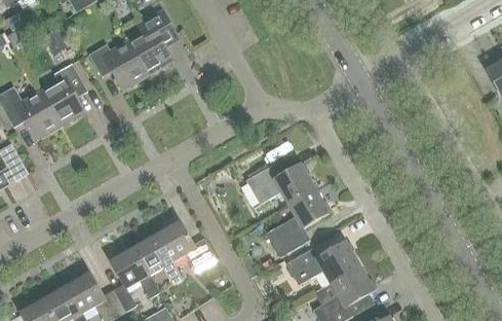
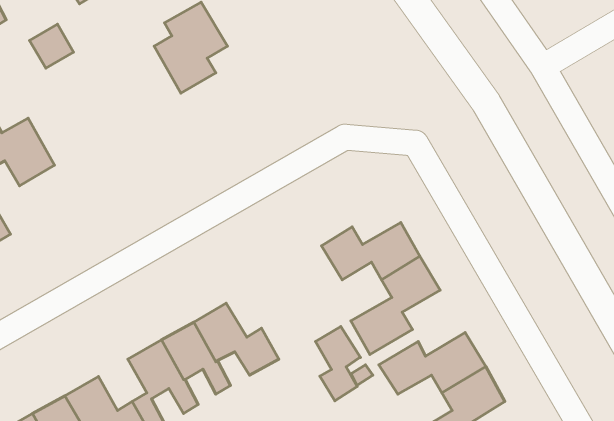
building: [88,41,147,88] -> none
building: [40,64,84,124] -> none
building: none -> [315,326,361,401]

